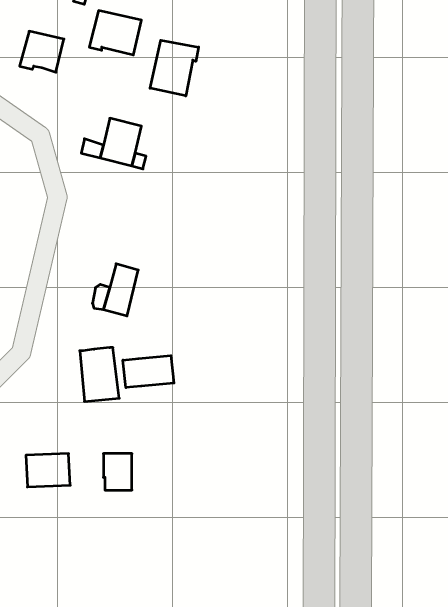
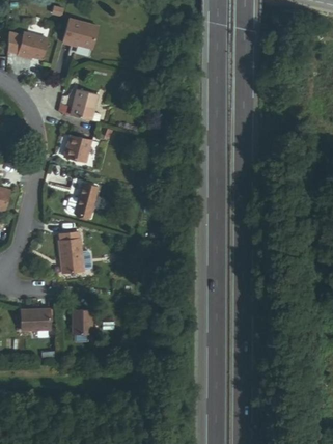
building: [150,40,199,96] -> none
building: none -> [63,133,90,160]
building: [123,356,174,388] -> none

